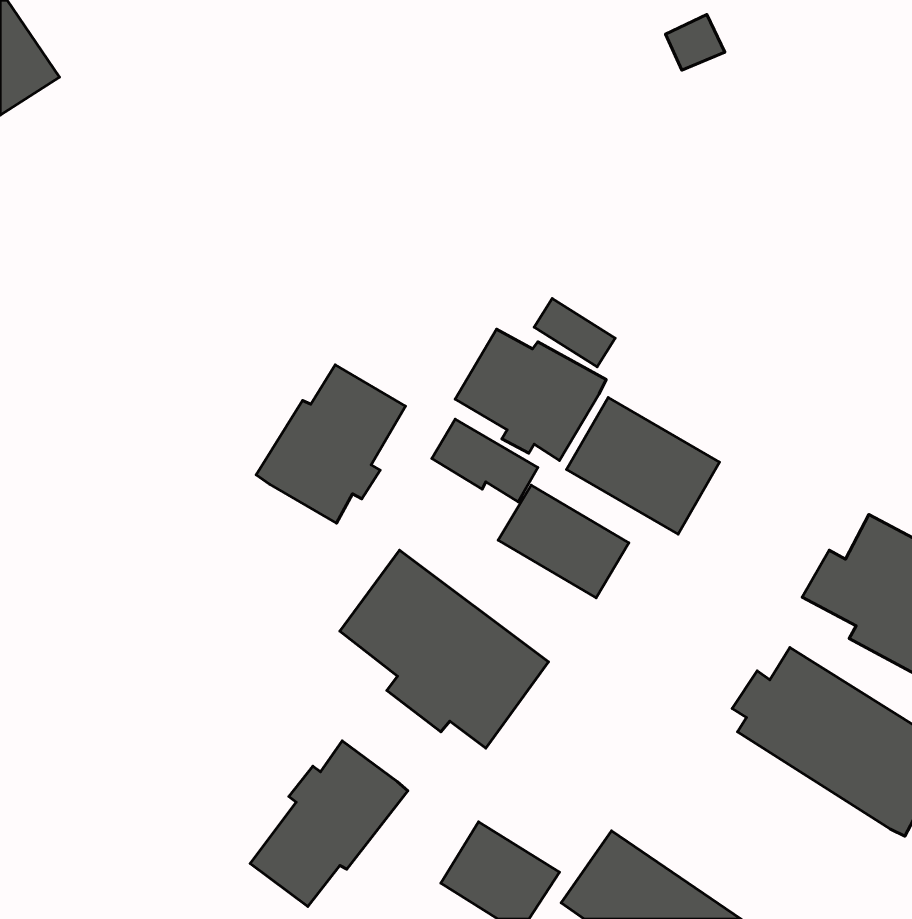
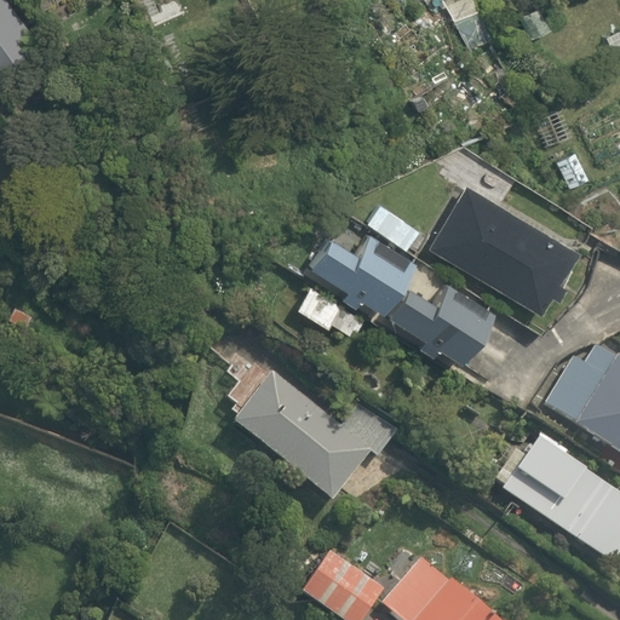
building: none -> [432,186,576,312]
building: [256,365,406,523] -> none
building: [498,485,629,598] -> none
building: [250,741,408,907] -> none

